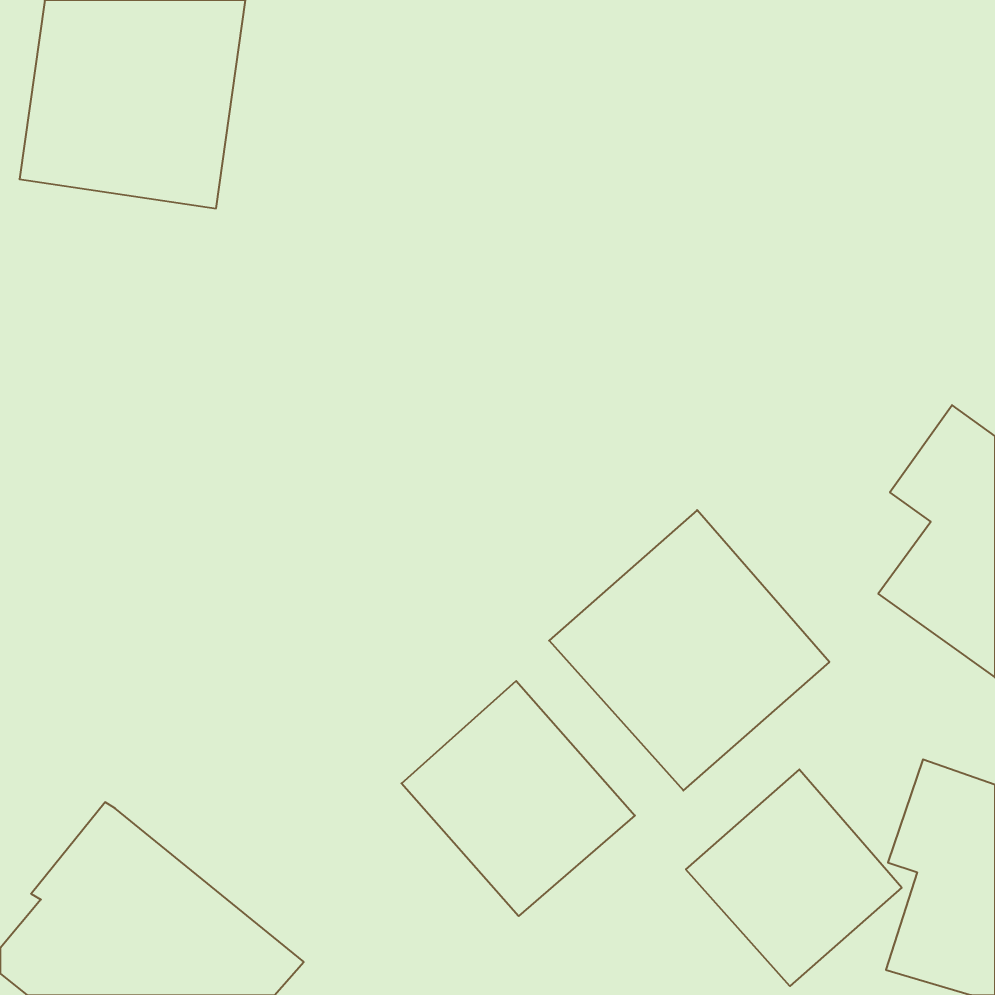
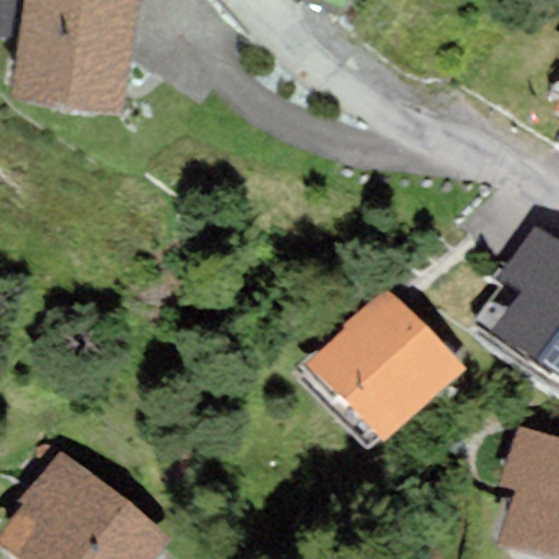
building: [401,681,635,916] -> none
building: [686,769,902,986] -> none

